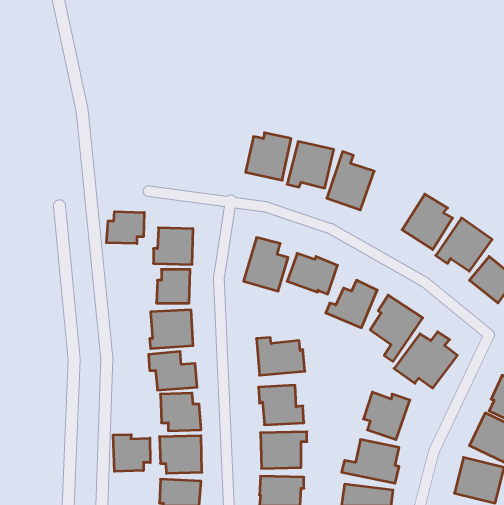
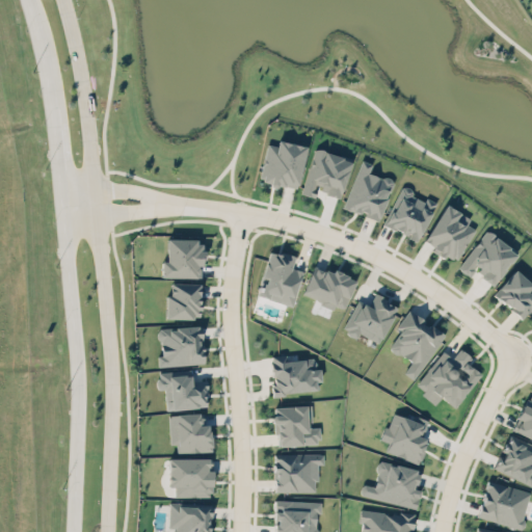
building: none -> [384,188,437,241]
building: [106,212,144,244] -> none
building: [113,435,150,471] -> none

